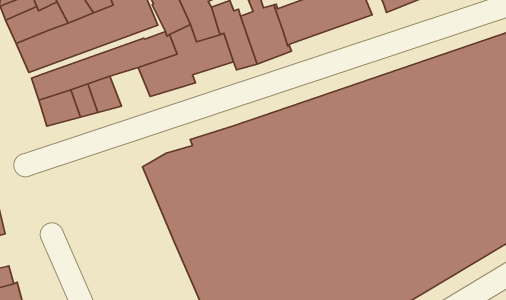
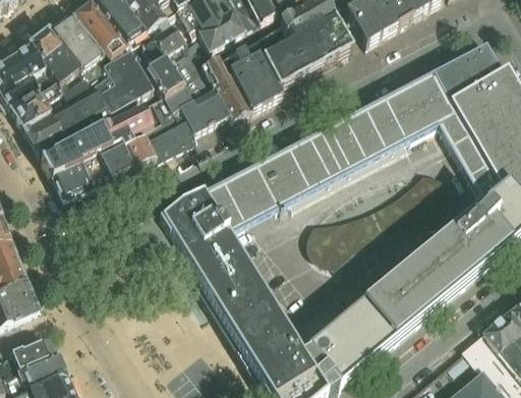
building: none -> [116,130,157,169]

